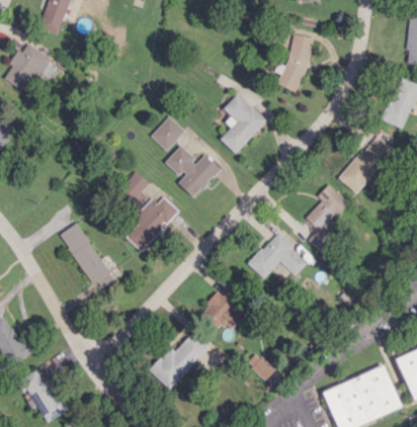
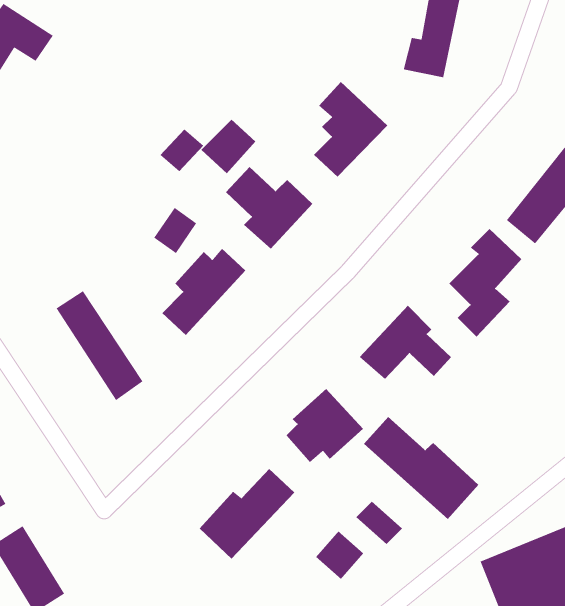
building: none -> [159,128,204,172]
building: none -> [363,416,479,520]
building: none -> [315,530,364,580]

